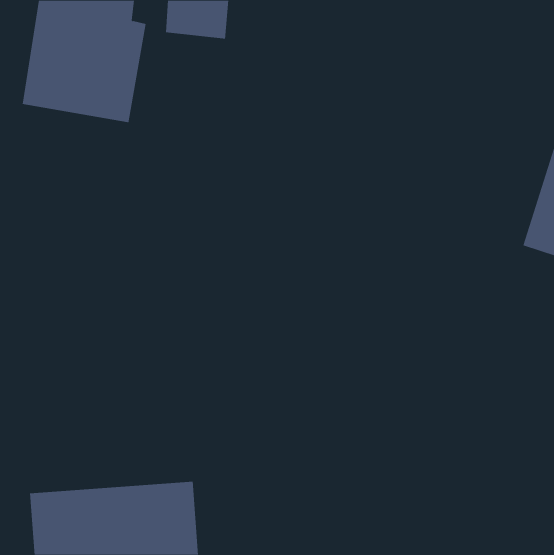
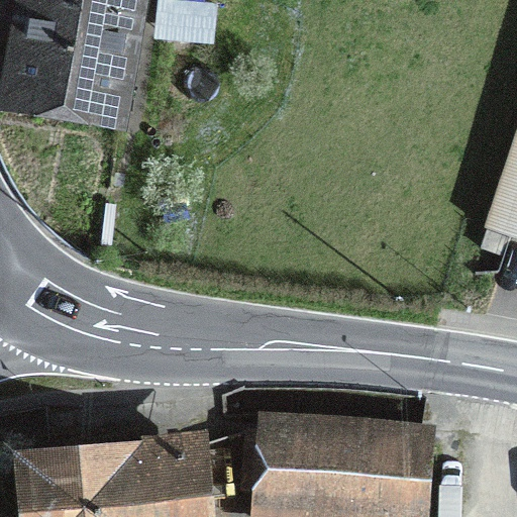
building: none -> [243,426,428,508]

